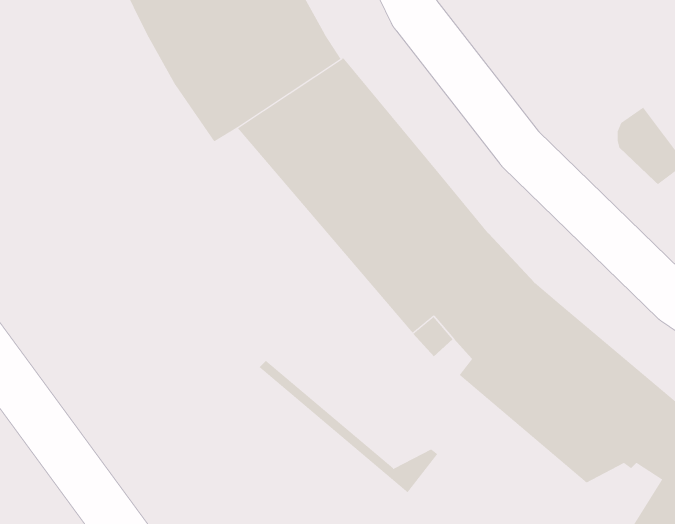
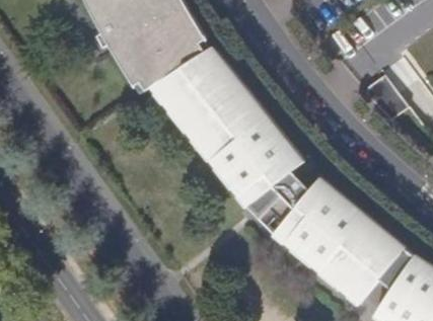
building: [259,360,438,493] -> [275,232,377,308]

